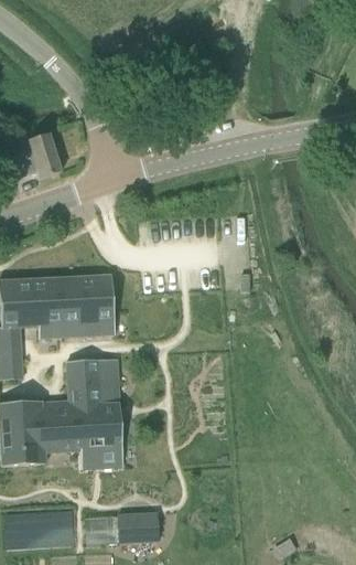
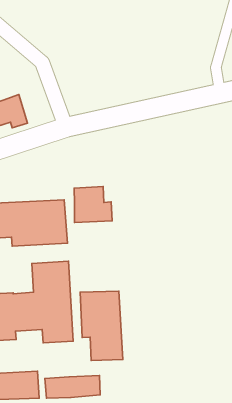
building: none -> [74,186,112,223]
building: none -> [80,291,123,361]

